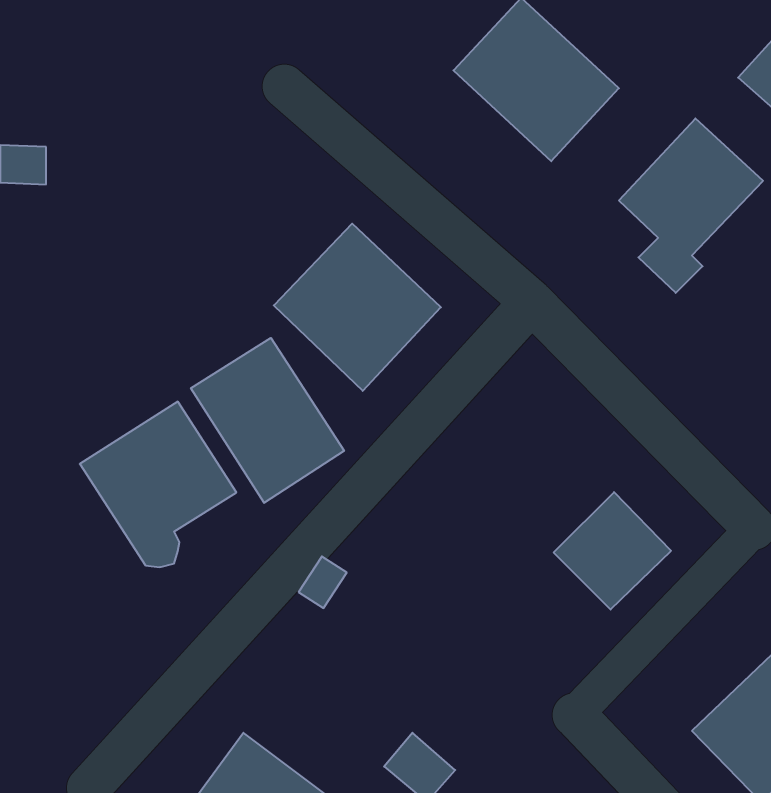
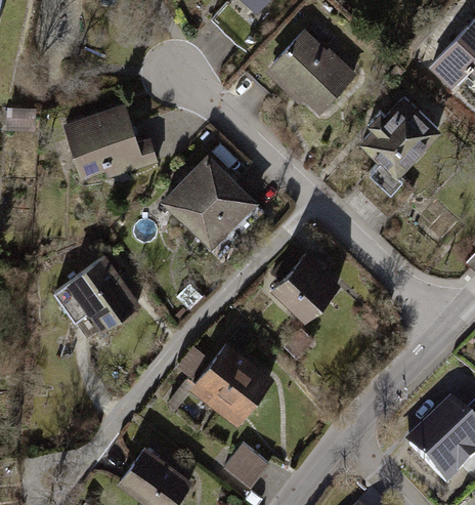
building: none -> [64,102,144,180]
building: [191,338,344,503] -> none
building: [554,492,671,610] -> [265,251,333,319]
building: none -> [193,343,276,425]

